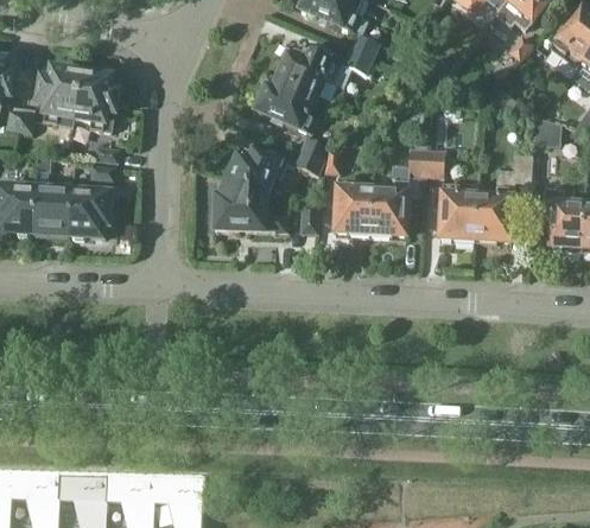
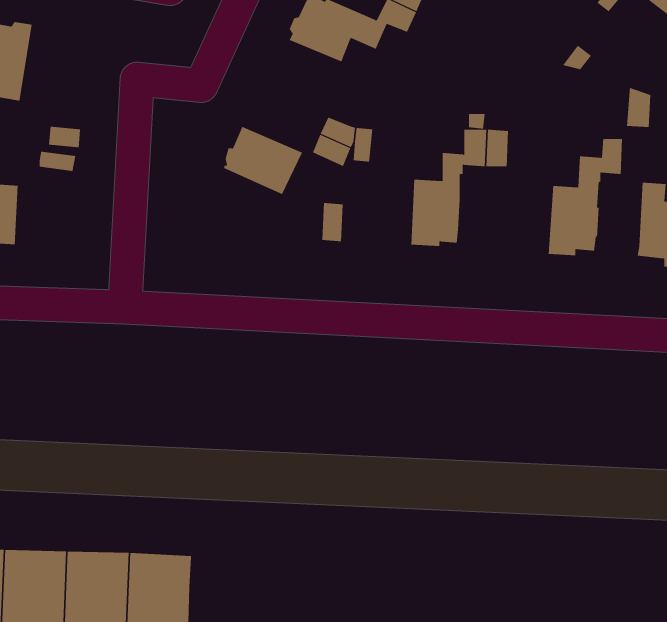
building: [71,69,118,132] -> none
building: [254,77,316,134] -> none
building: [214,178,287,234] -> none
building: [334,179,370,236] -> none
building: [438,185,476,243] -> none
building: [68,191,109,241] -> none

